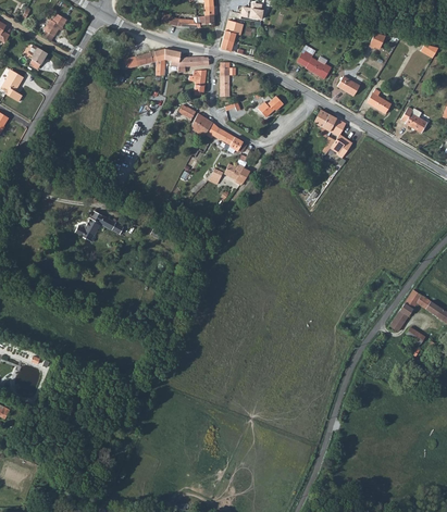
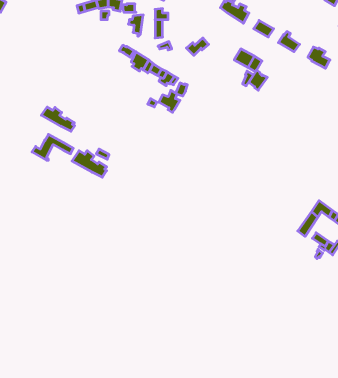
building: none -> [41,107,75,131]
building: none -> [72,151,107,177]

